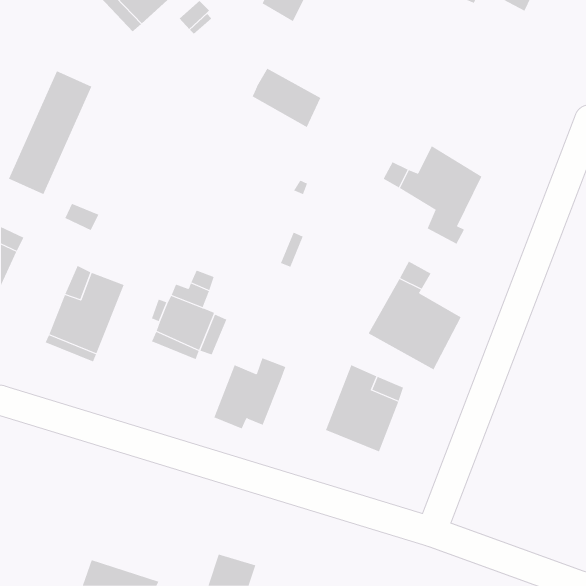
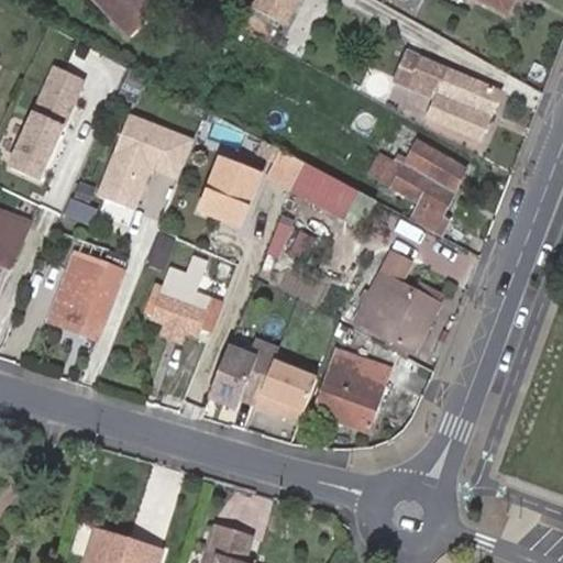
building: none -> [394,46,499,134]
building: [252,68,321,128] -> [294,162,360,219]
building: none -> [97,112,192,207]
building: none -> [199,161,261,227]
building: none -> [254,362,316,423]

